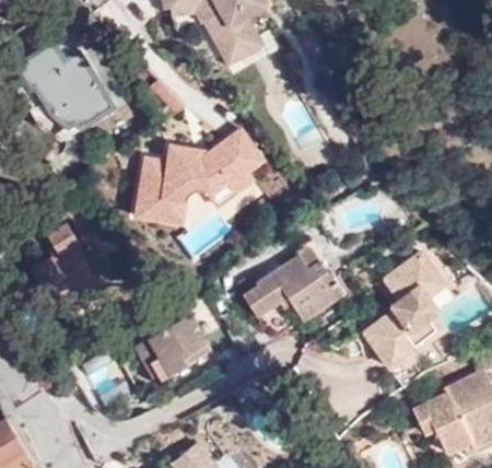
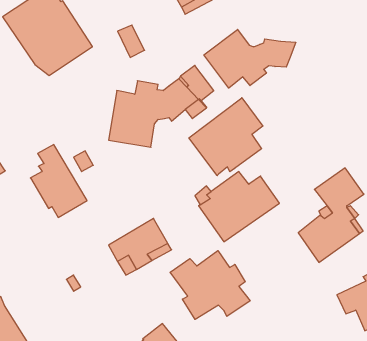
building: none -> [204,29,296,88]
building: none -> [189,98,263,176]
building: none -> [170,251,250,319]

